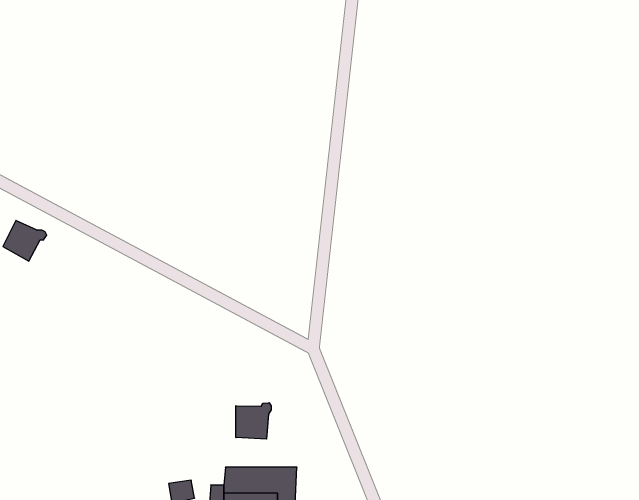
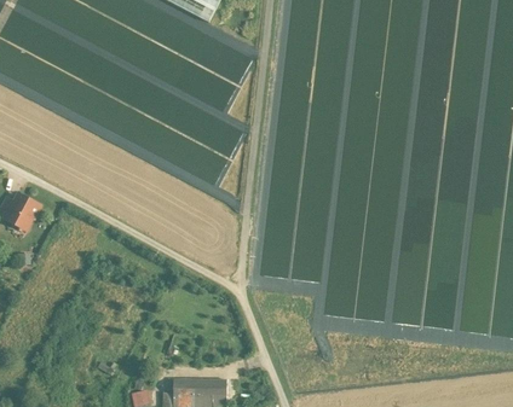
building: [236,403,271,439] -> none

